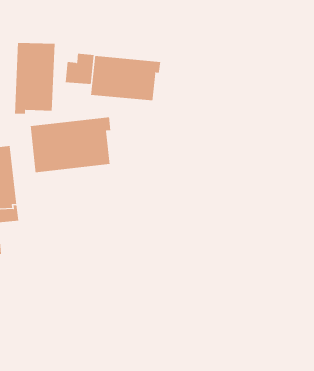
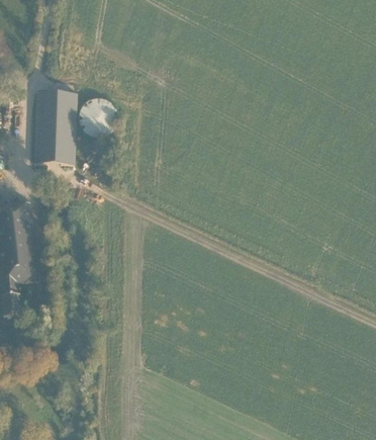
building: [90,55,161,101] -> none
building: [30,117,111,173] -> none

